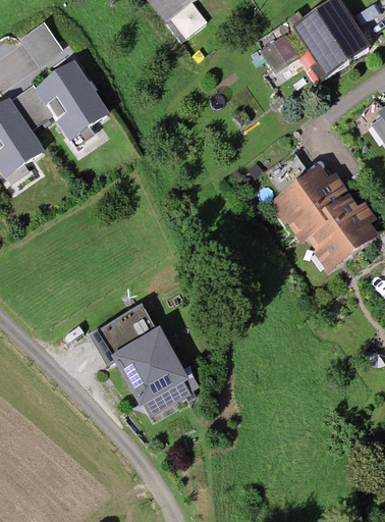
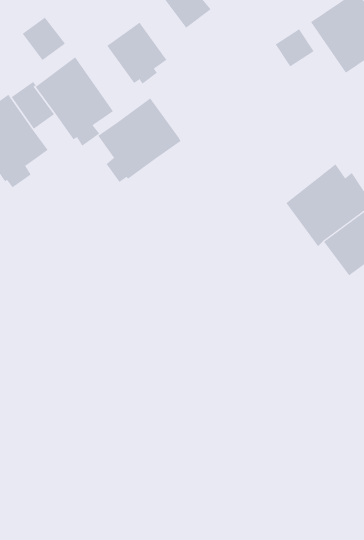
building: none -> [107,22,167,84]
building: none -> [97,97,181,183]
building: [98,316,183,420] -> none

